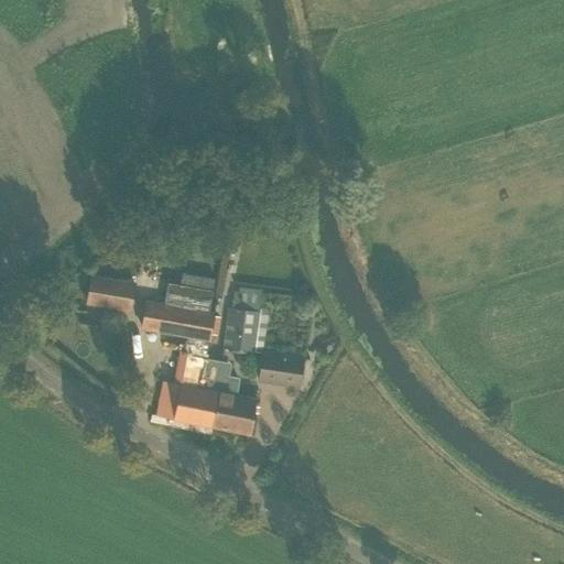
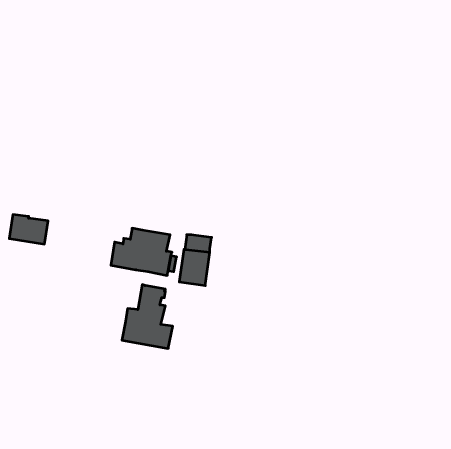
building: [87,275,133,311] -> [9,215,48,244]
building: [259,351,302,387] -> none
building: [200,359,257,435] -> none

